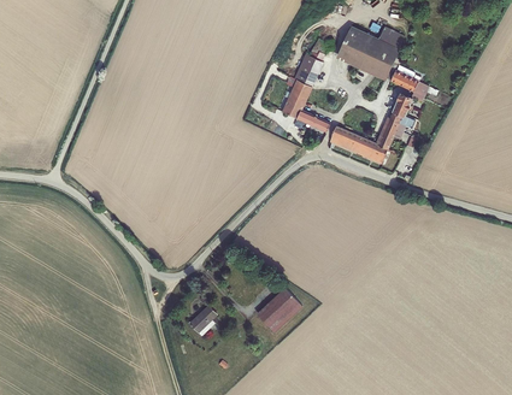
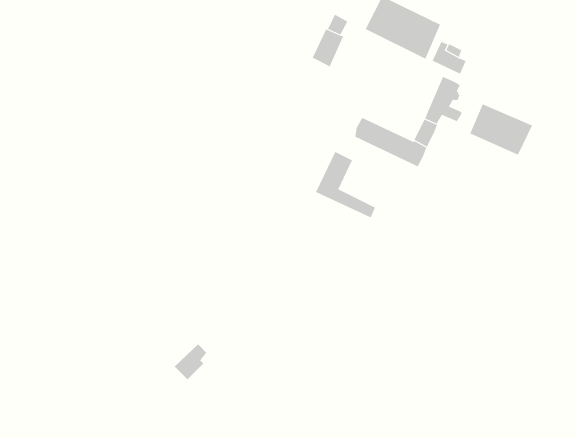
building: [281,78,329,131] -> [315,151,376,218]
building: none -> [470,104,533,155]
building: [257,291,299,332] -> none

